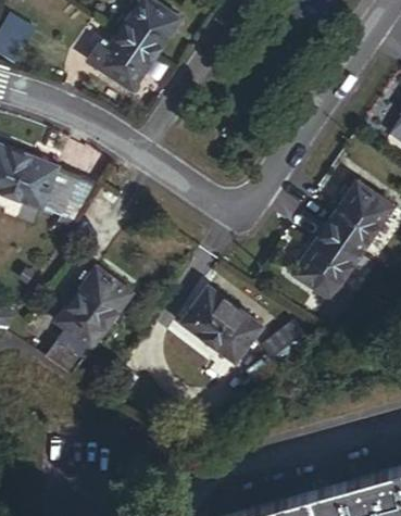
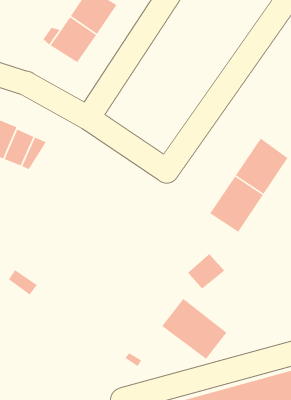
building: [55,269,131,351] -> none
building: [180,288,262,364] -> [161,298,227,360]

